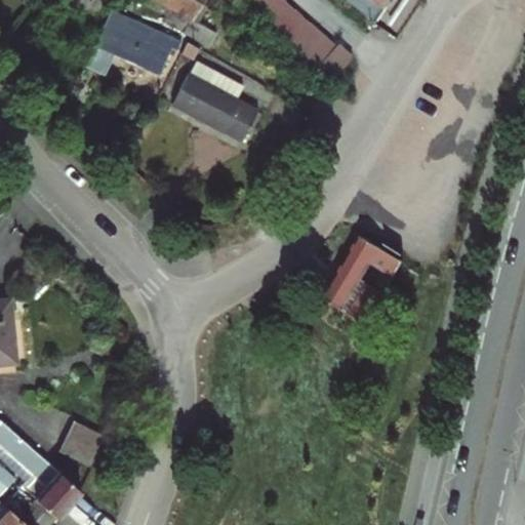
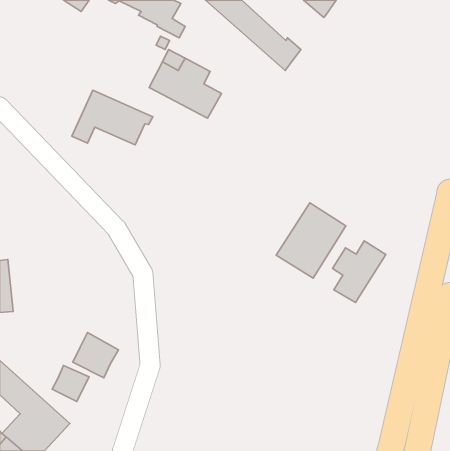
building: [86,8,180,72] -> [72,90,153,145]
building: none -> [333,241,386,303]
building: none -> [73,333,119,378]

